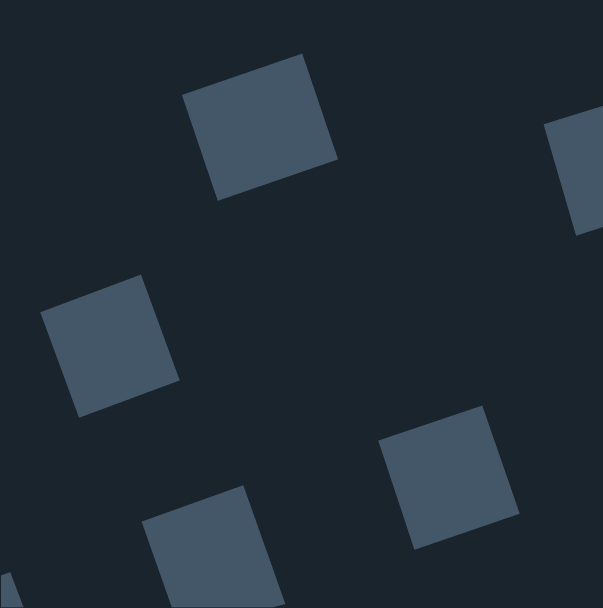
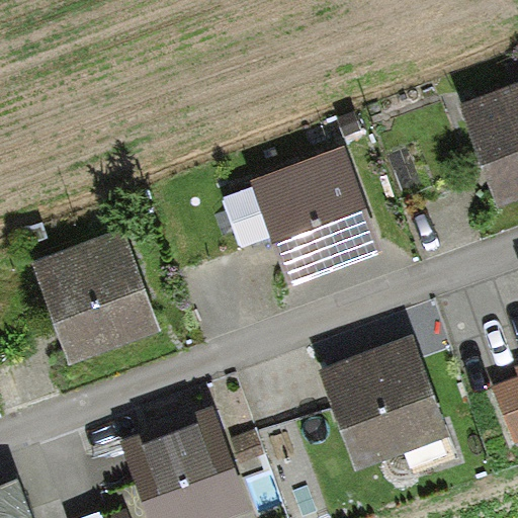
building: [181,52,339,202] -> none
building: none -> [222,162,370,272]

